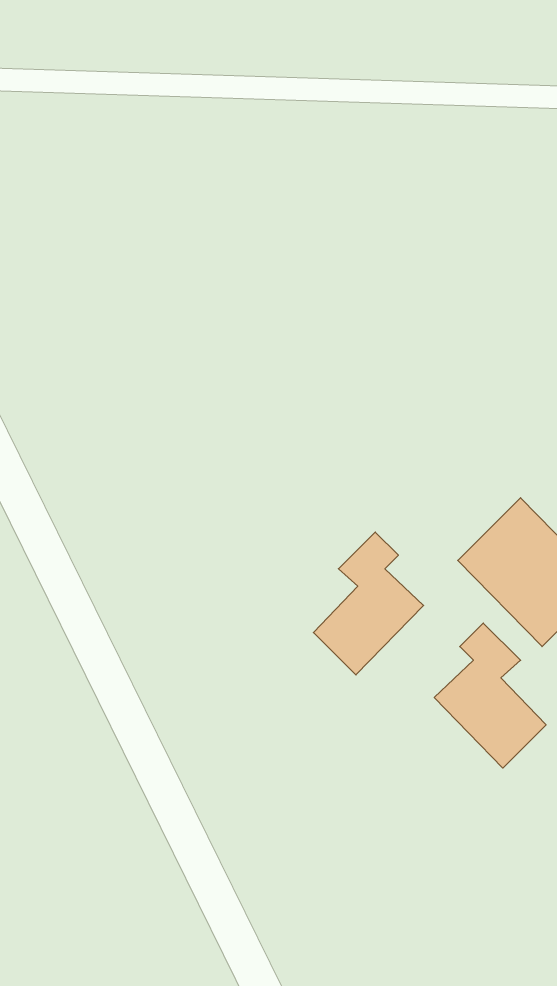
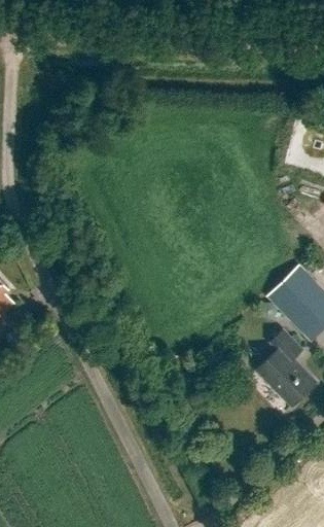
building: [313,532,424,675] -> none

